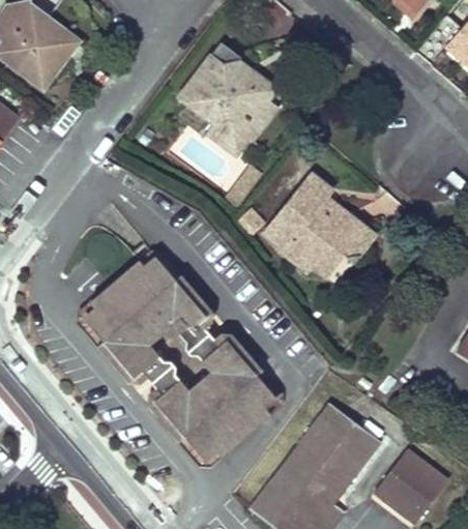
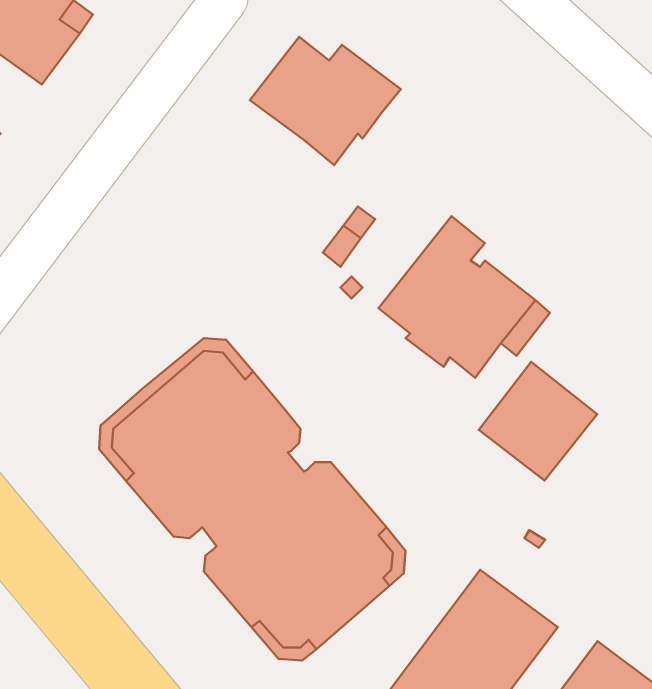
building: [206,105,274,155] -> none
building: none -> [479,362,597,481]

